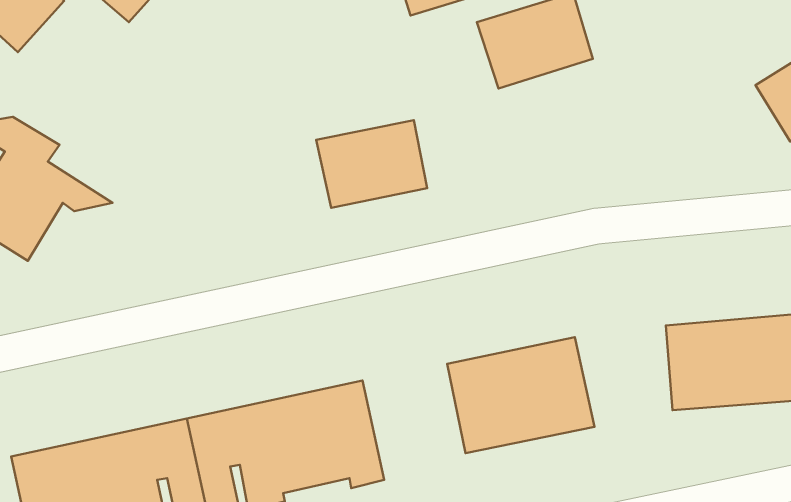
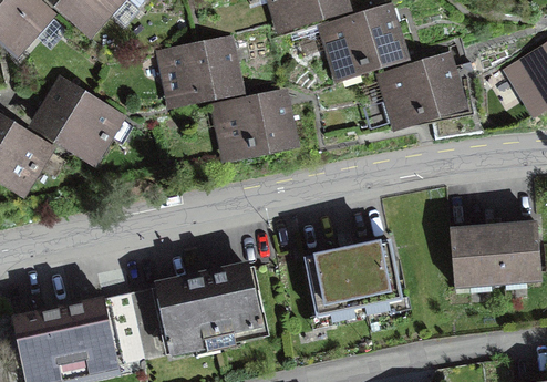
building: none -> [163,41,237,100]
building: none -> [383,58,461,121]
building: none -> [38,83,133,157]

